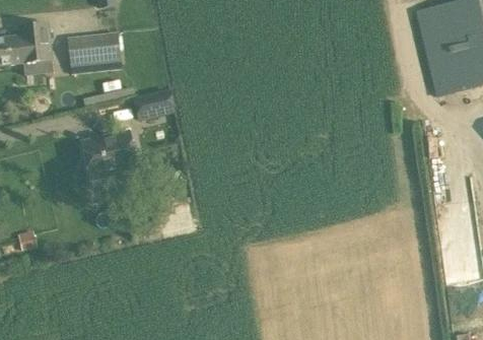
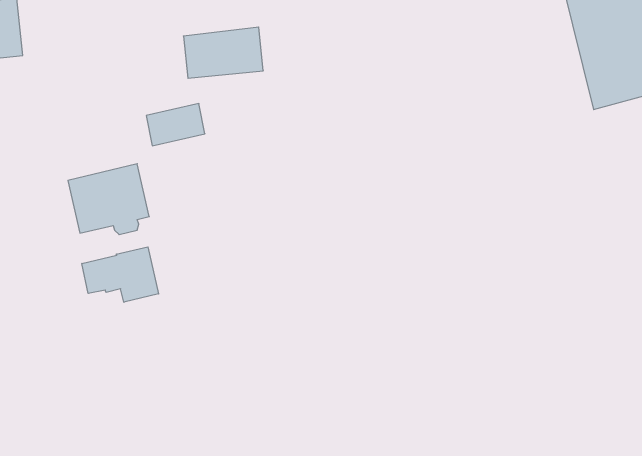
building: [67,31,121,66] -> [183,27,263,78]
building: none -> [82,247,159,302]

